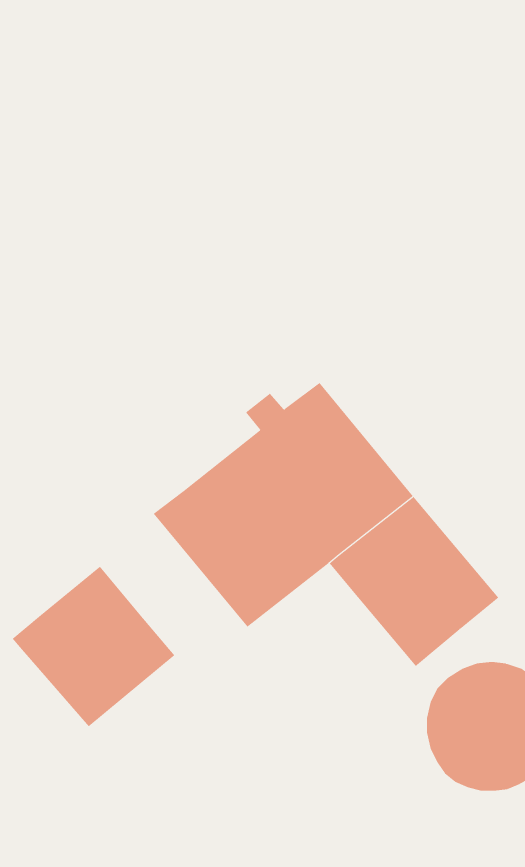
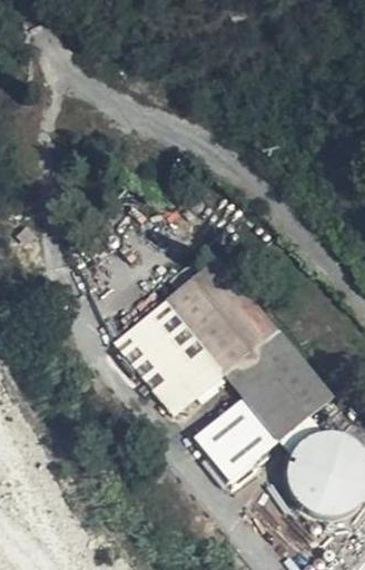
building: [12,566,175,727] -> none
building: none -> [195,395,282,481]

